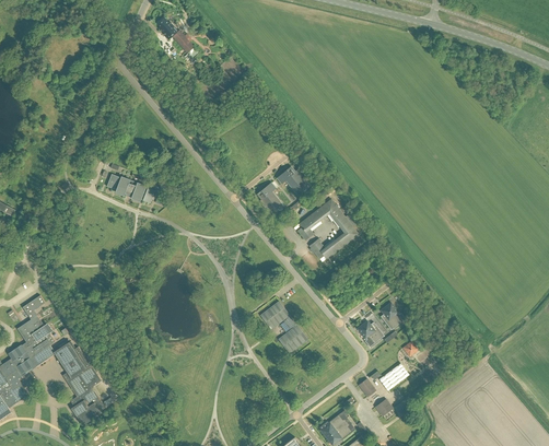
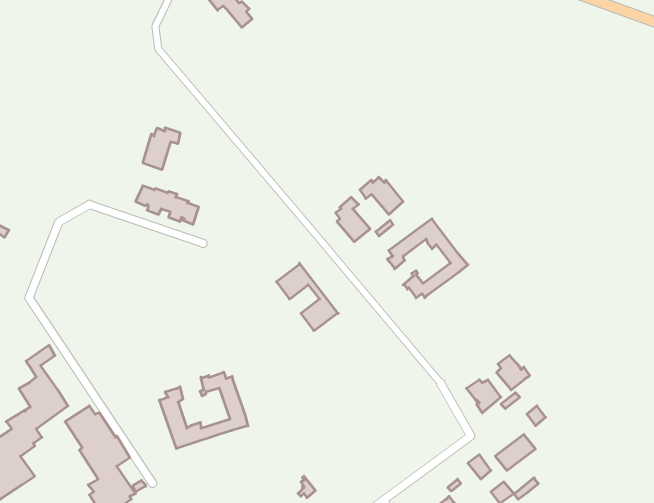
building: none -> [143,128,180,170]
building: [261,301,308,352] -> [276,263,338,331]
building: none -> [159,372,248,449]

